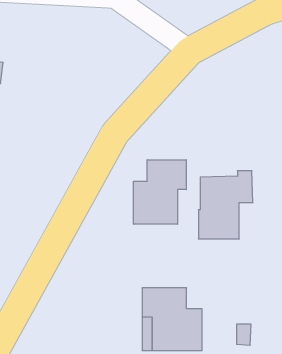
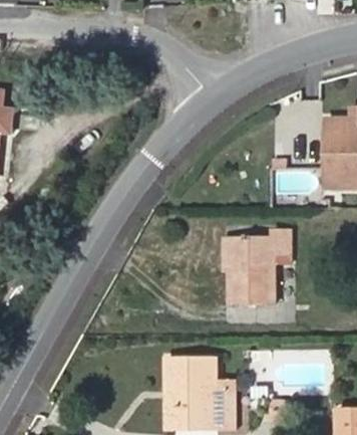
building: [134,160,186,224] -> none

